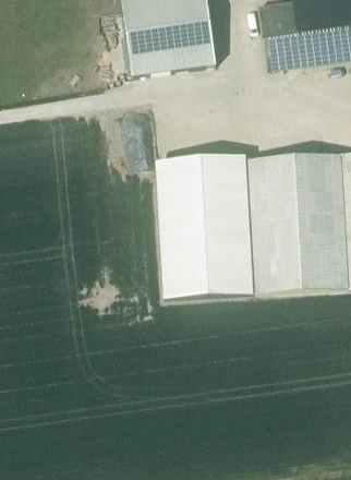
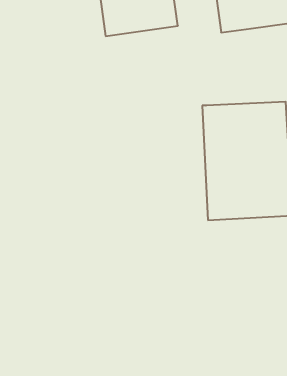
building: [157,157,251,295] -> none

